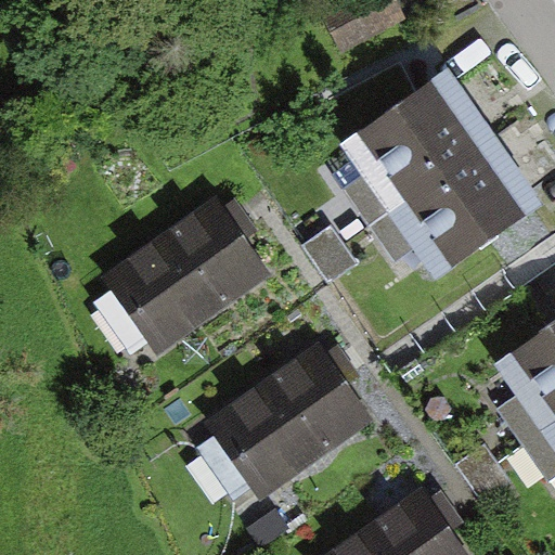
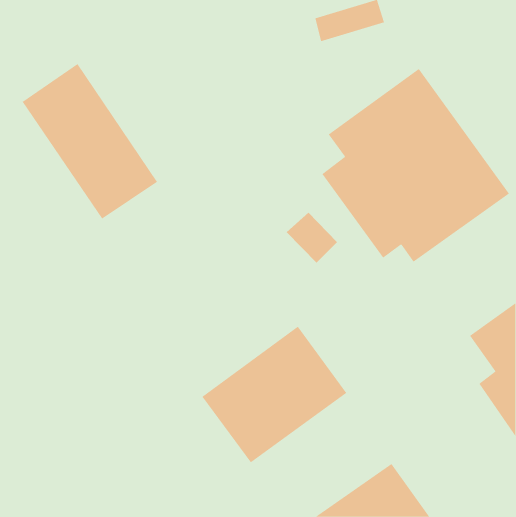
building: none -> [22,63,158,219]
building: [108,203,261,346] -> none

